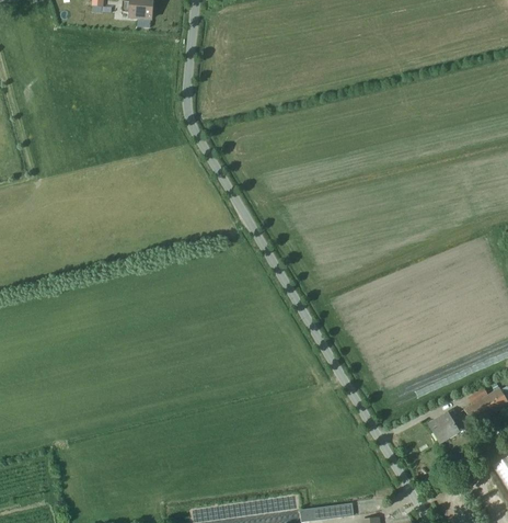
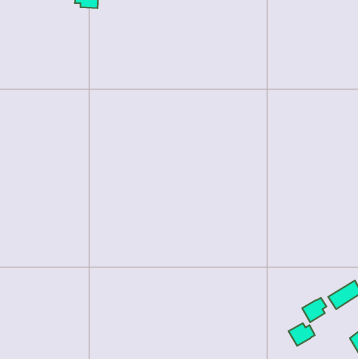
building: none -> [289,323,315,346]

